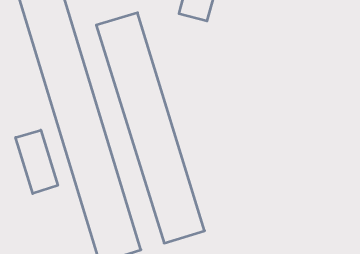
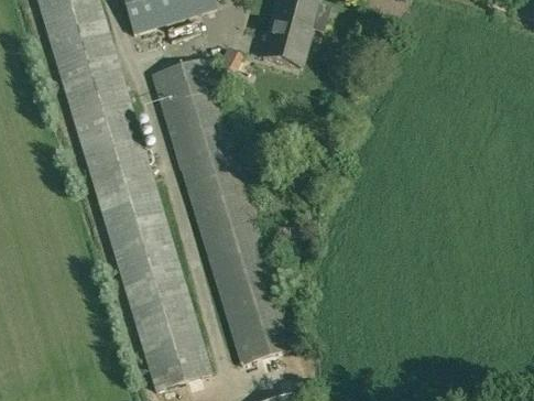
building: [16,130,58,194] -> none

